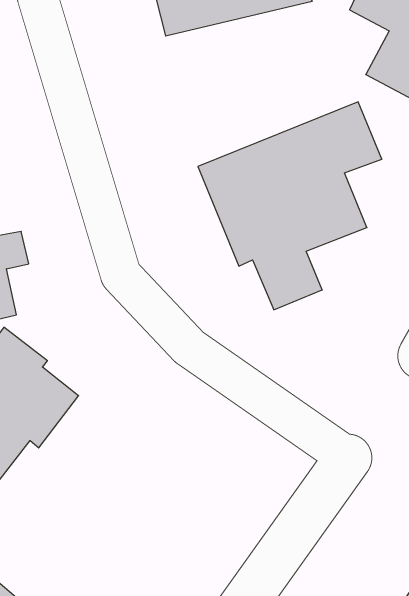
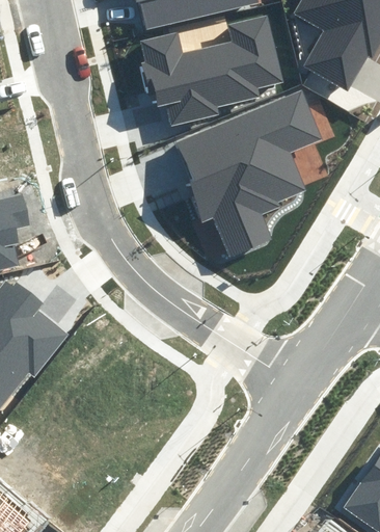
building: none -> [142,15,282,126]

